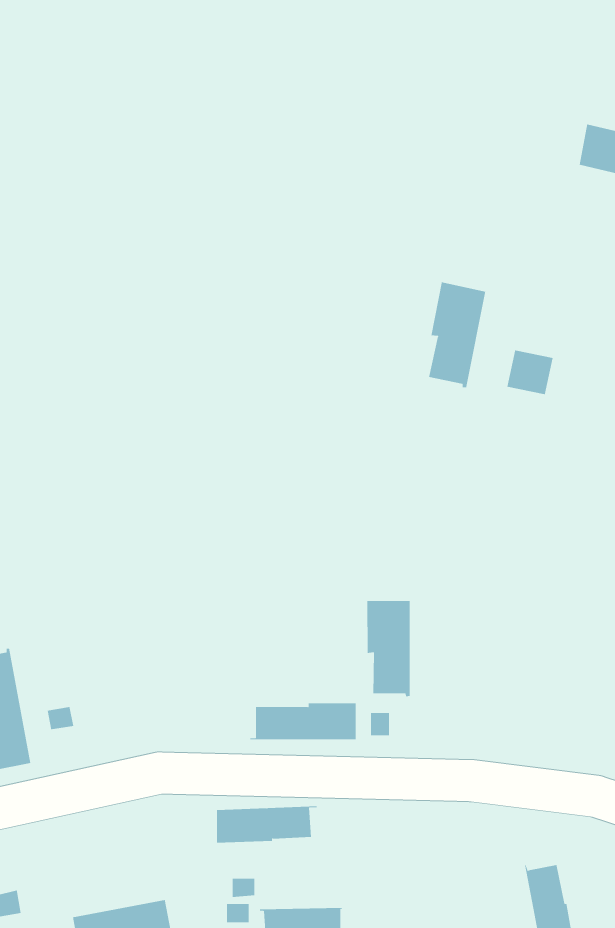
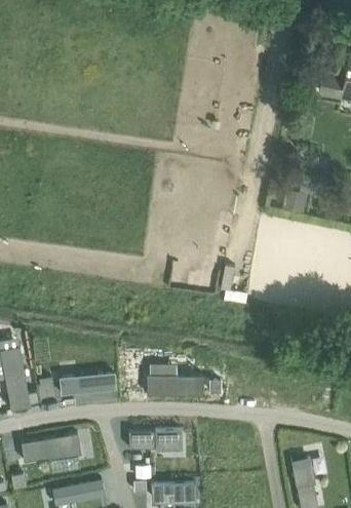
building: [429,282,486,388] -> none
building: [367,600,410,697] -> none
building: none -> [62,374,116,395]
building: none -> [22,433,79,462]

